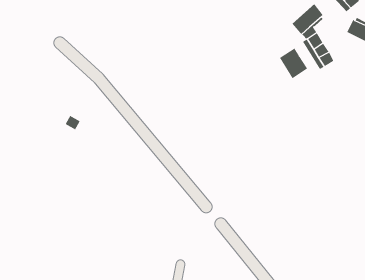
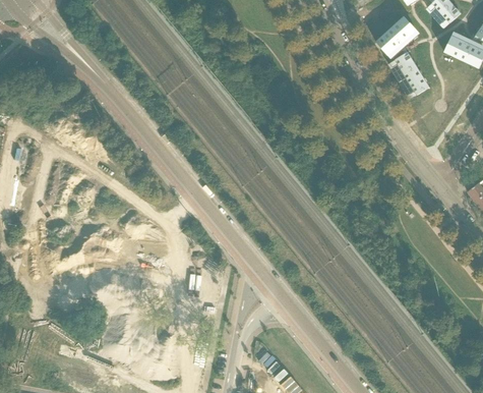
building: [279,47,308,79] -> none

